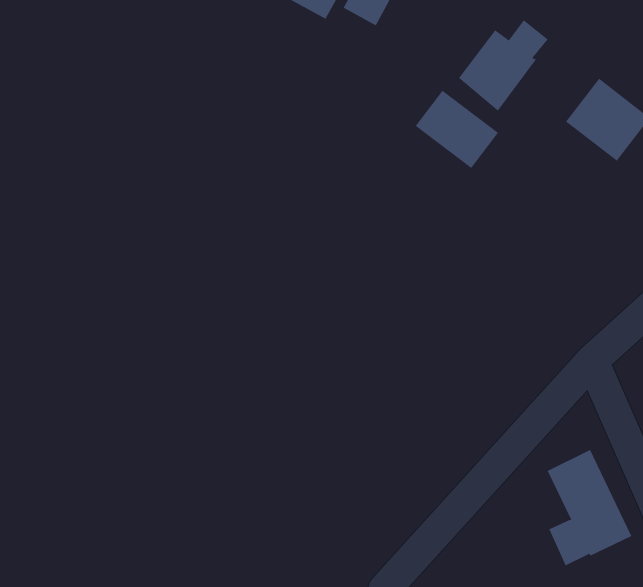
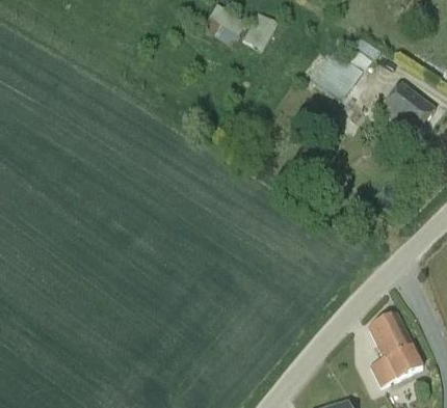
building: [415,90,499,169] -> none

